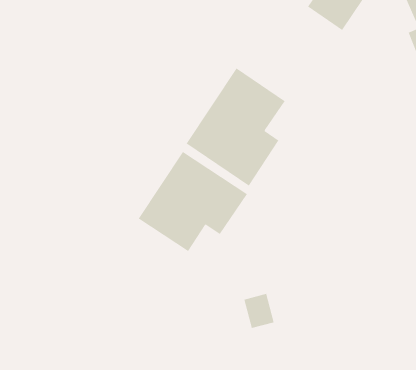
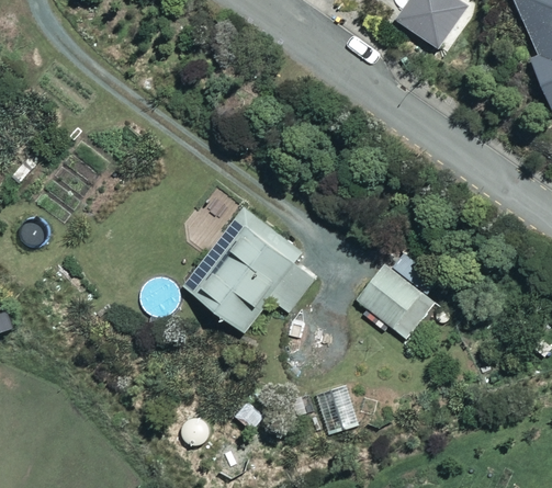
building: [186,68,286,187] -> none
building: none -> [357,261,440,340]

